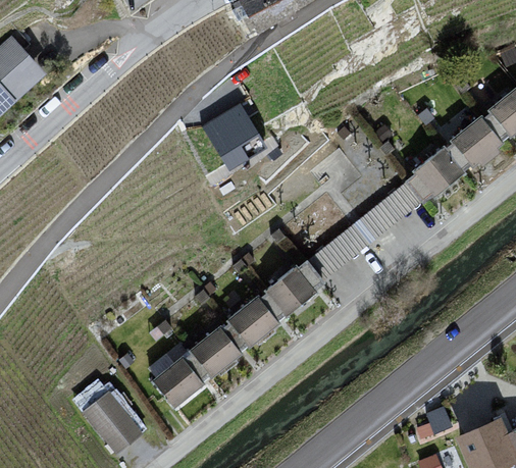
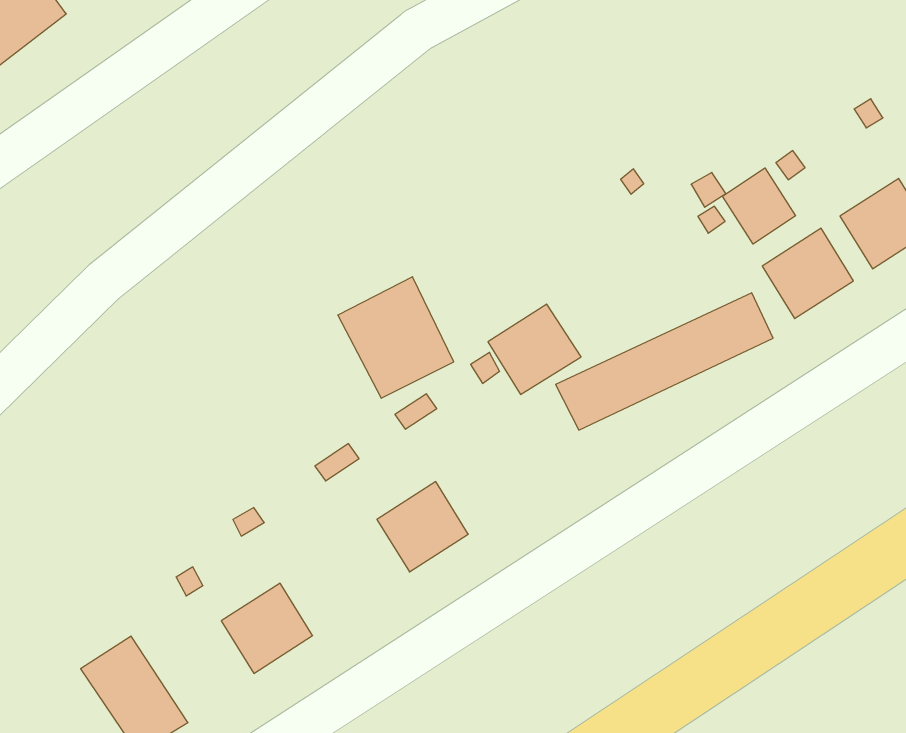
building: [203,103,265,167] -> [338,277,454,398]
building: none -> [722,168,796,244]
building: [267,266,316,314] -> [488,304,581,394]
building: [192,327,240,375] -> none

